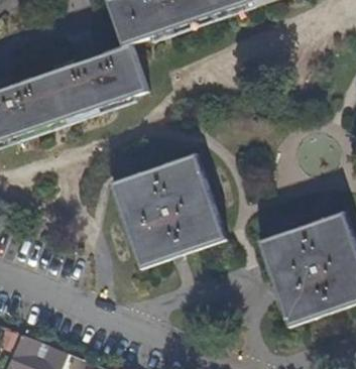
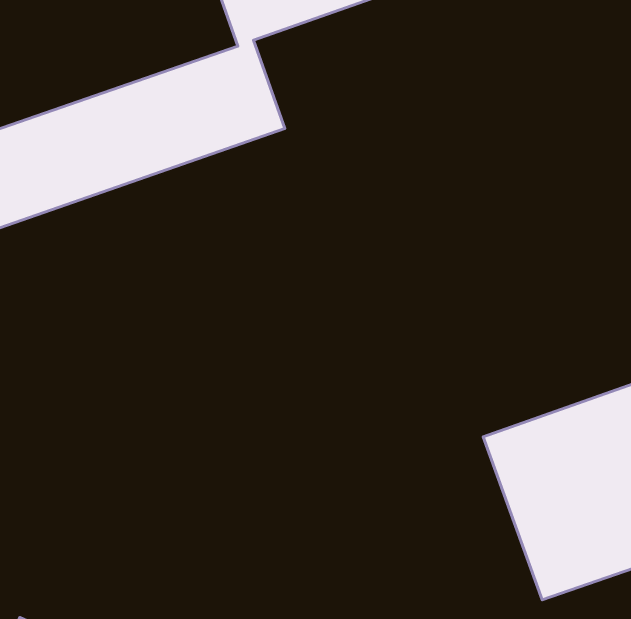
building: [110,153,225,268] -> none

